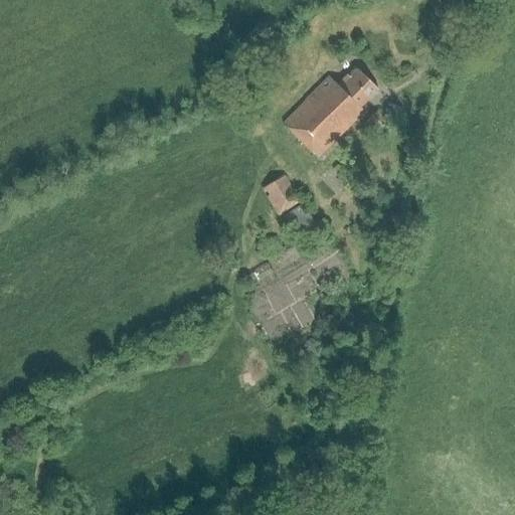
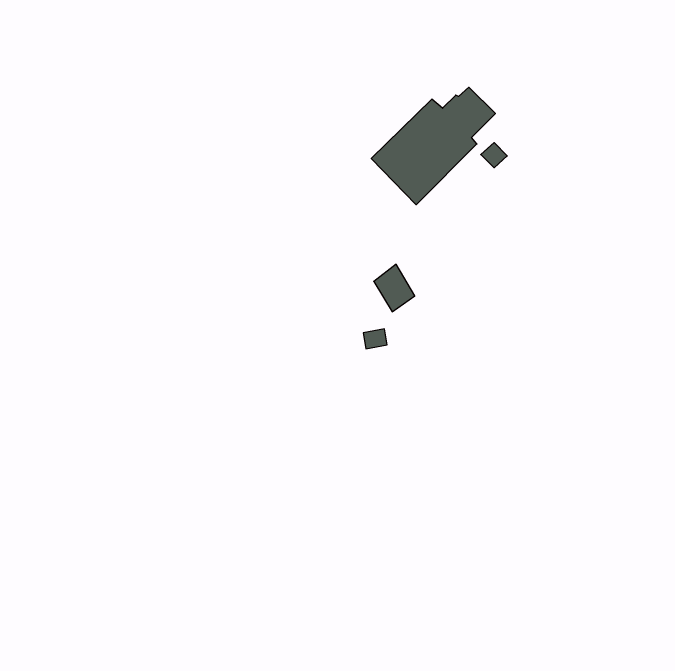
building: [261,172,300,214] -> none

